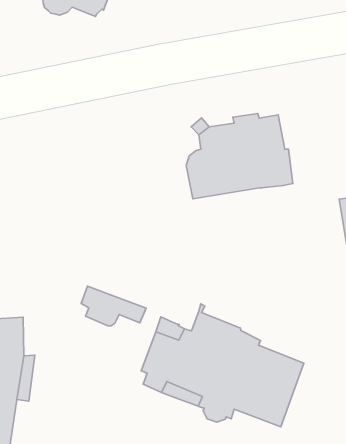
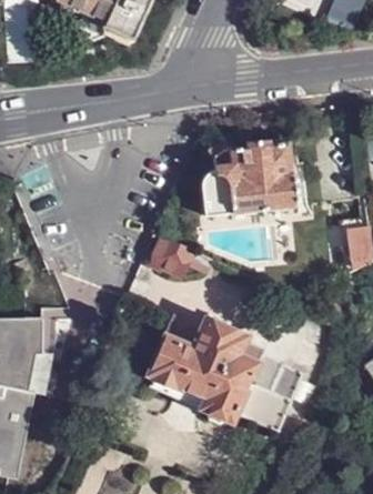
building: [81,286,146,326] -> [155,239,215,276]

